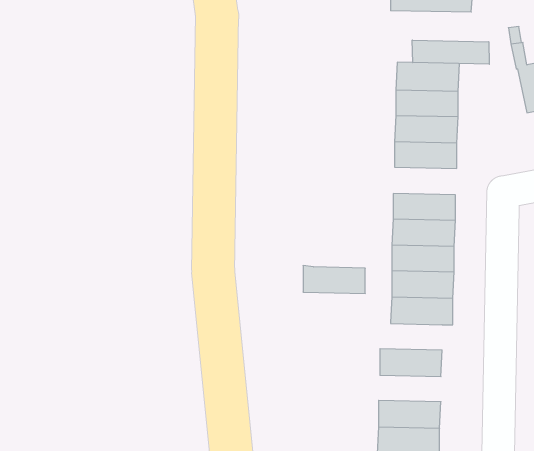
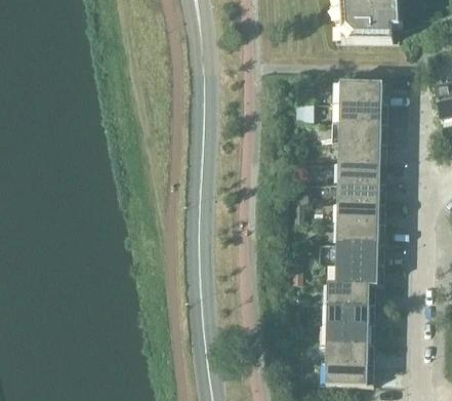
building: [412,40,489,64] -> none
building: none -> [337,160,386,182]
building: [303,266,365,293] -> [327,280,375,302]
building: none -> [326,321,374,342]

